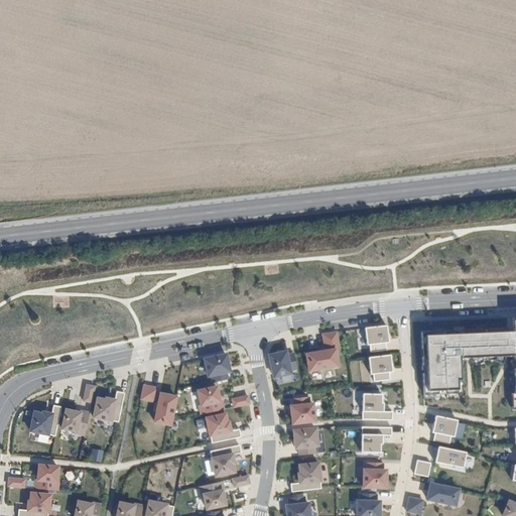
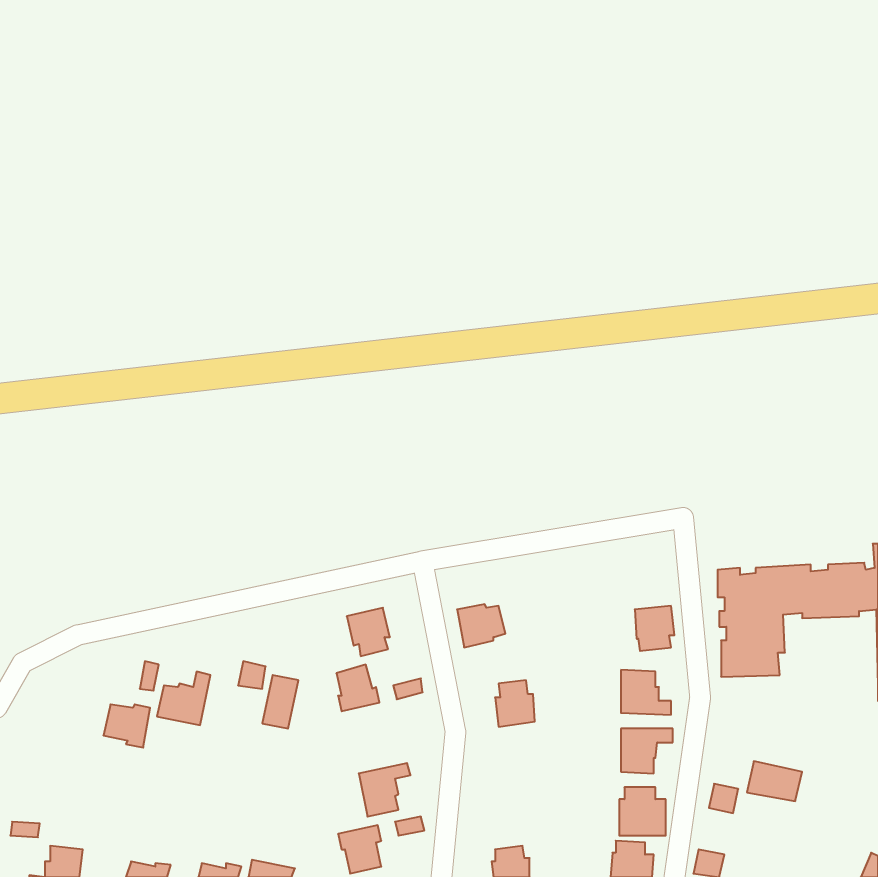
building: [365,324,390,351] -> none
building: [305,329,341,371] -> none
building: [29,406,59,436] -> none
building: [434,414,459,441] -> none
building: [206,415,240,443] -> none
building: [292,429,316,456] -> none
building: [289,464,319,492] -> none
building: [33,467,57,492] -> none
building: [427,481,461,505] -> none

